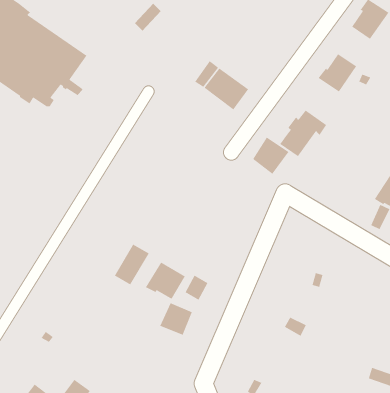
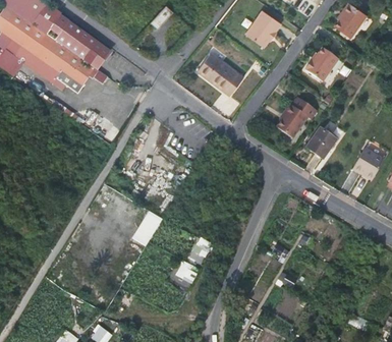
building: none -> [246,12,281,49]
building: [252,136,289,175] -> [305,127,337,160]
building: [145,261,186,300] -> none

